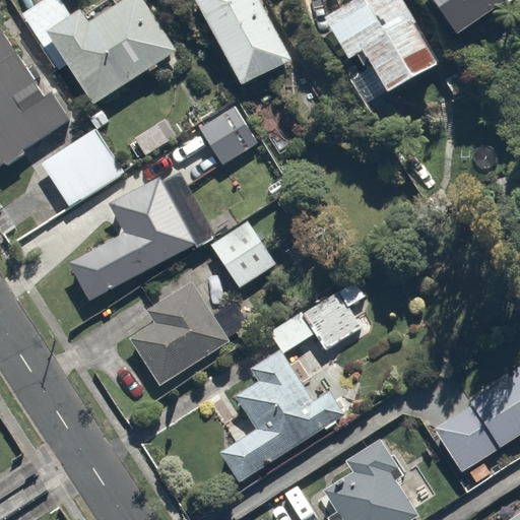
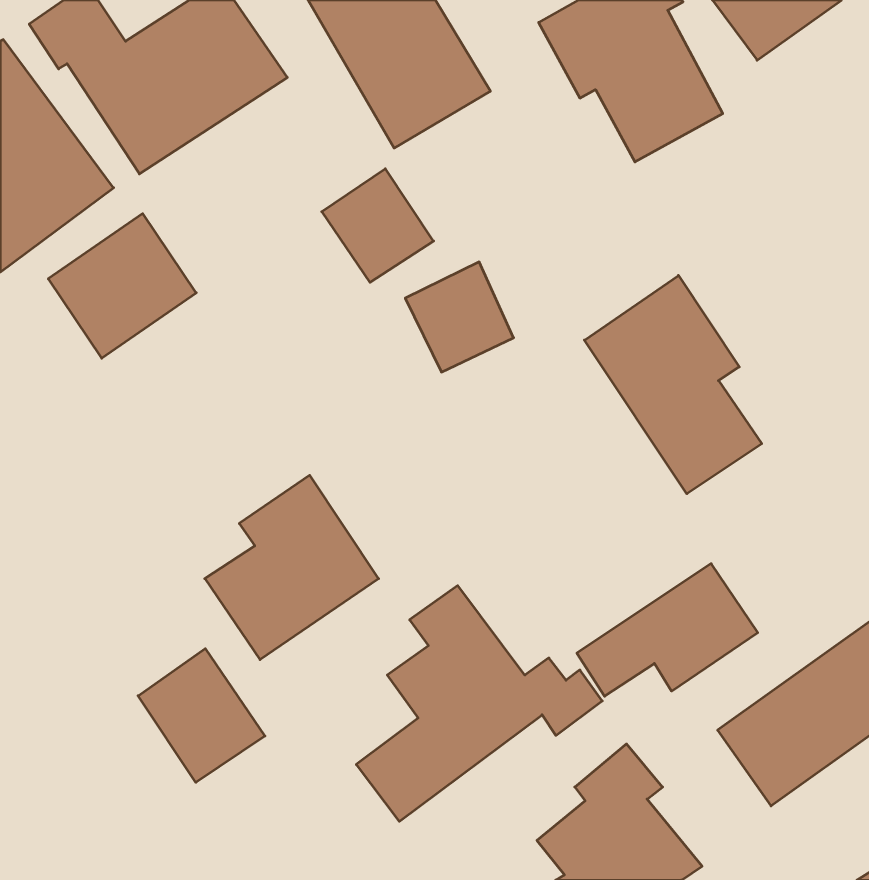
building: none -> [584,275,762,494]
building: [67,165,214,302] -> none
building: [212,222,276,287] -> [405,262,514,372]
building: [270,277,377,355] -> [577,564,758,696]
building: none -> [138,649,265,782]

